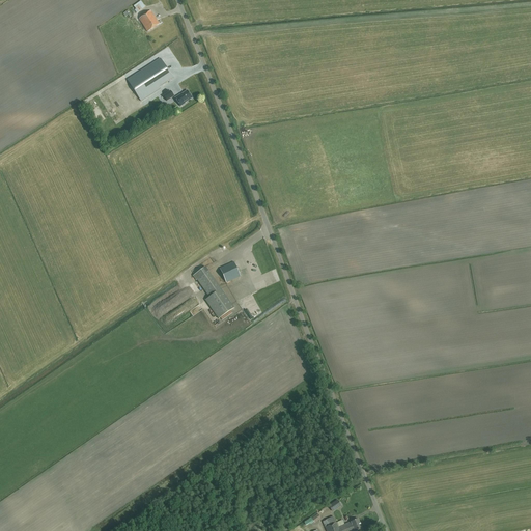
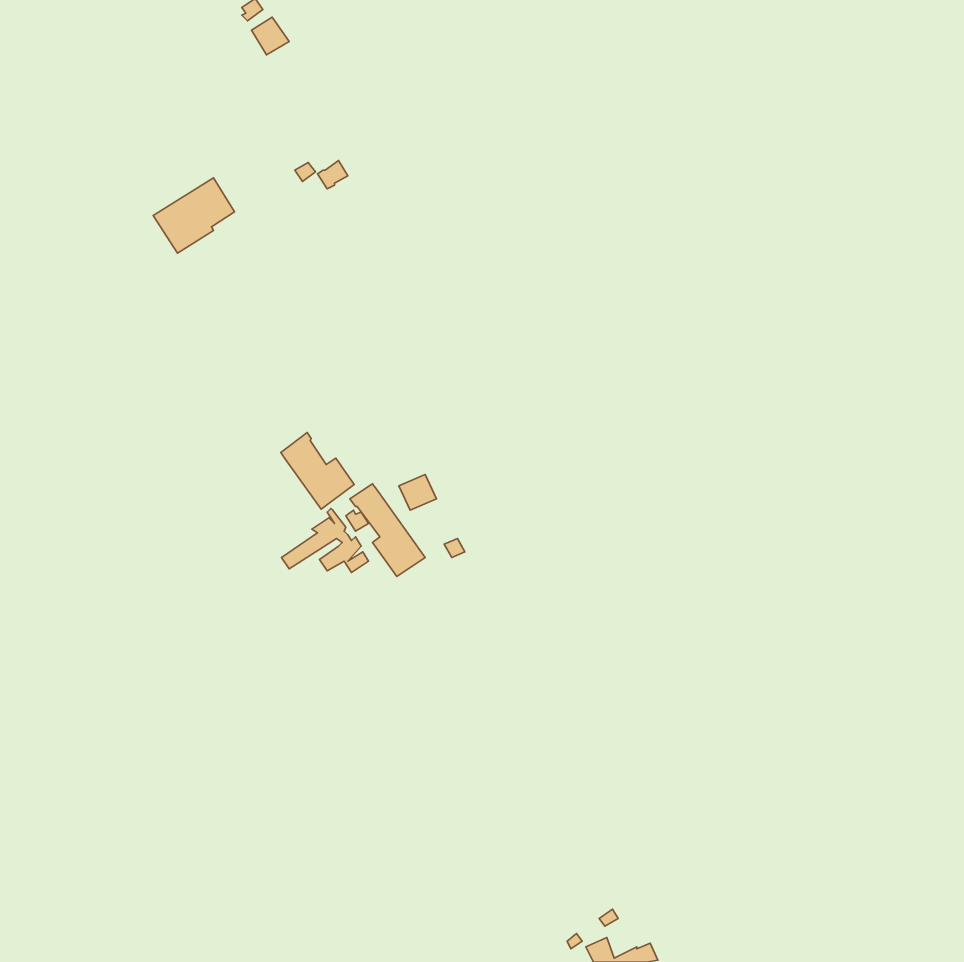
building: [127,57,171,99] -> [153,178,234,253]
building: none -> [281,433,354,509]

